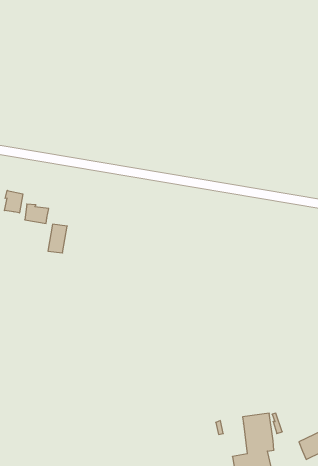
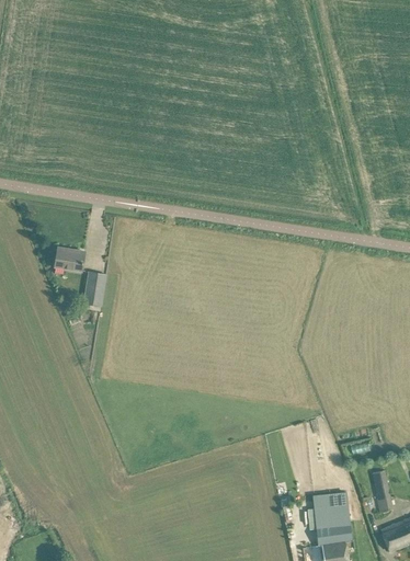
building: [4,190,23,213] -> none
building: none -> [373,469,394,511]

